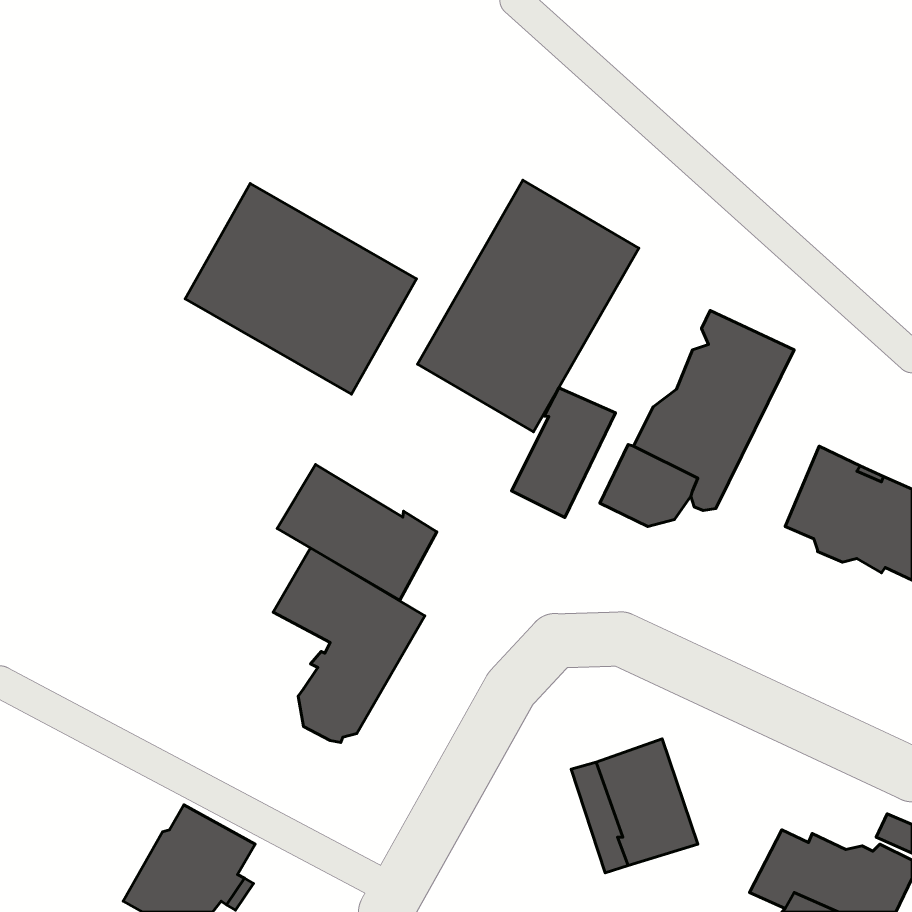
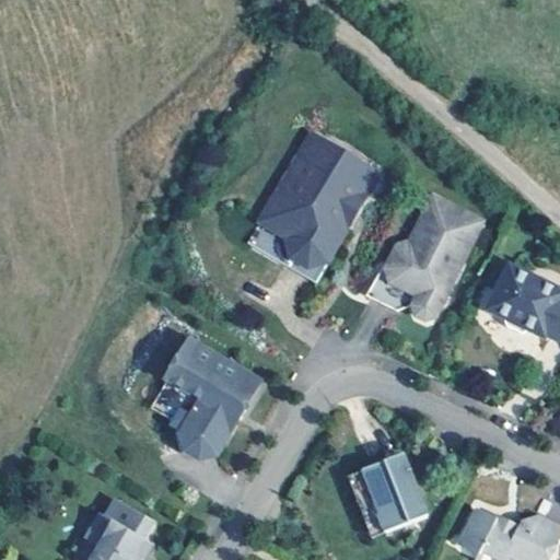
building: [185,184,416,394] -> none
building: [512,388,616,518] -> none
building: [277,465,437,600] -> none
building: none -> [152,375,202,422]

